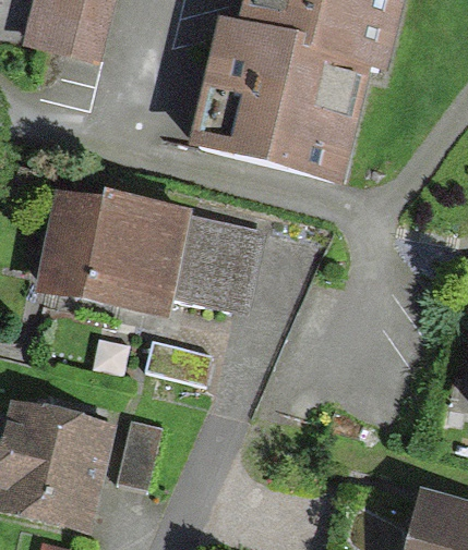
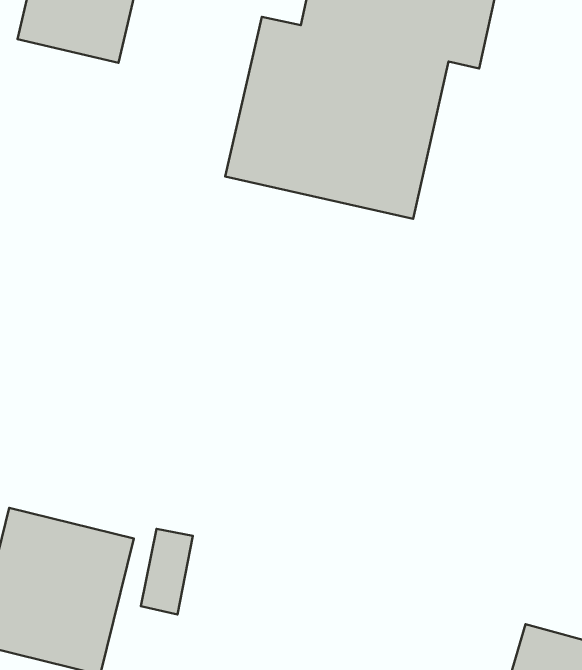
building: [32,188,249,310] -> none

